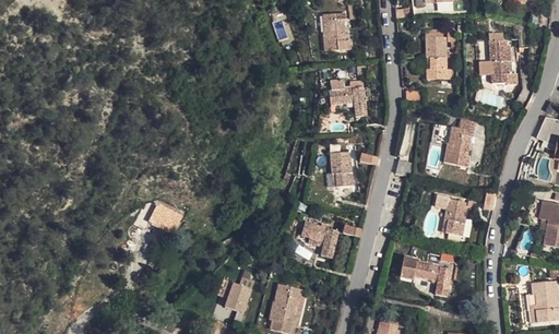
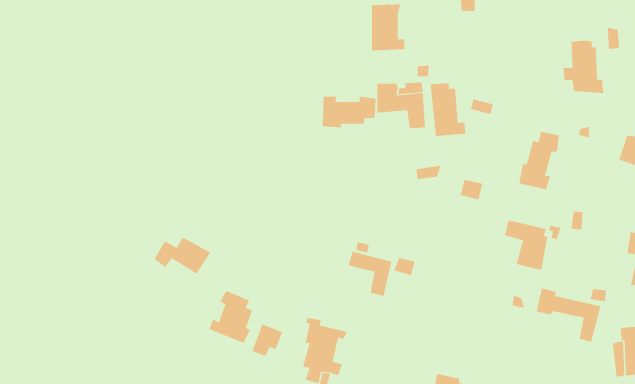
building: [428,35,459,80] -> [430,83,466,136]
building: none -> [322,96,376,128]
building: [324,151,353,186] -> none
building: none -> [209,290,253,343]
building: [395,258,450,303] -> [536,288,601,343]

